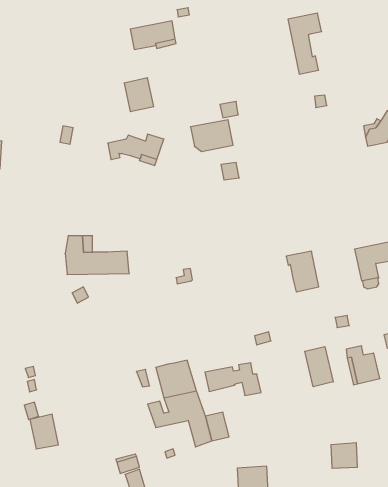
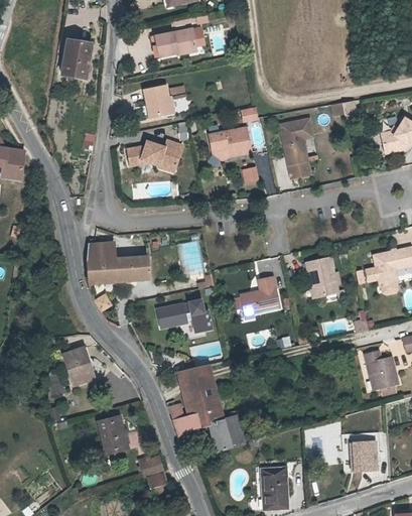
building: [288,13,322,74] -> [280,117,313,177]
building: none -> [61,37,92,77]
building: none -> [240,275,279,312]
building: none -> [66,346,98,382]
building: [305,347,333,387] -> none
building: [205,363,261,395] -> [156,299,212,332]
building: [30,414,58,449] -> [99,417,127,452]

